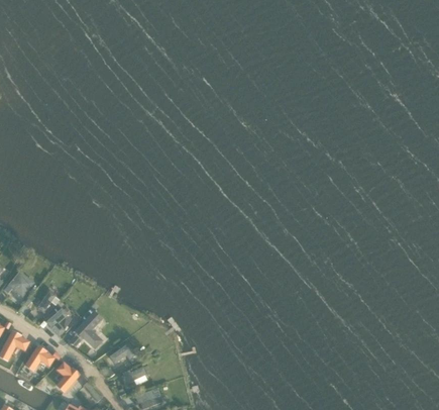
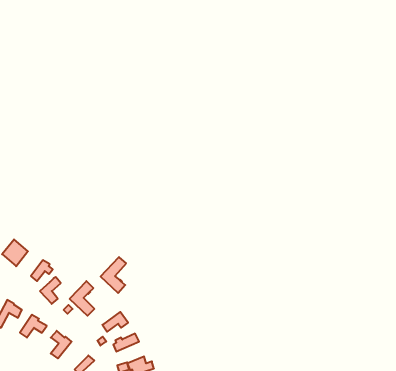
building: none -> [101,257,126,293]

